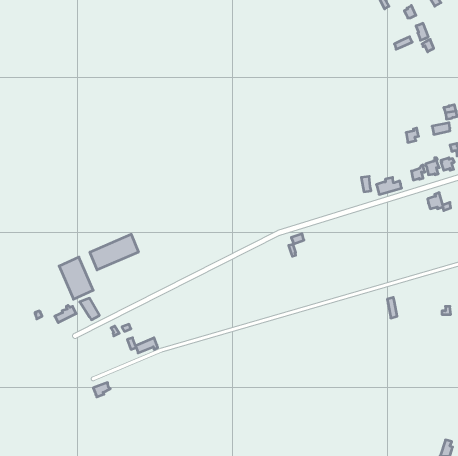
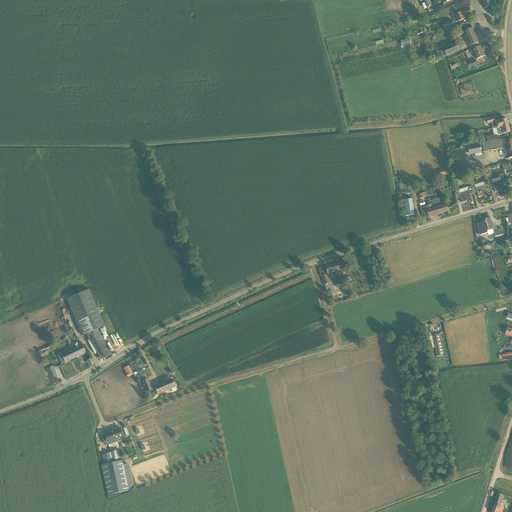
building: [90,234,138,270] -> none
building: none -> [101,448,133,494]

